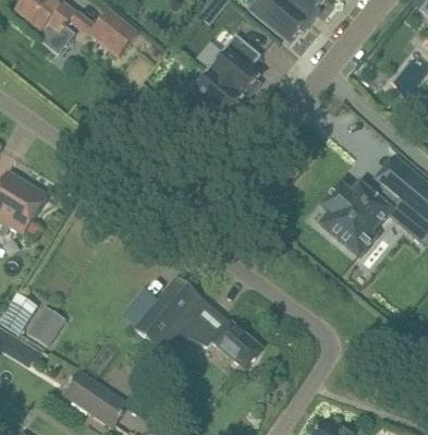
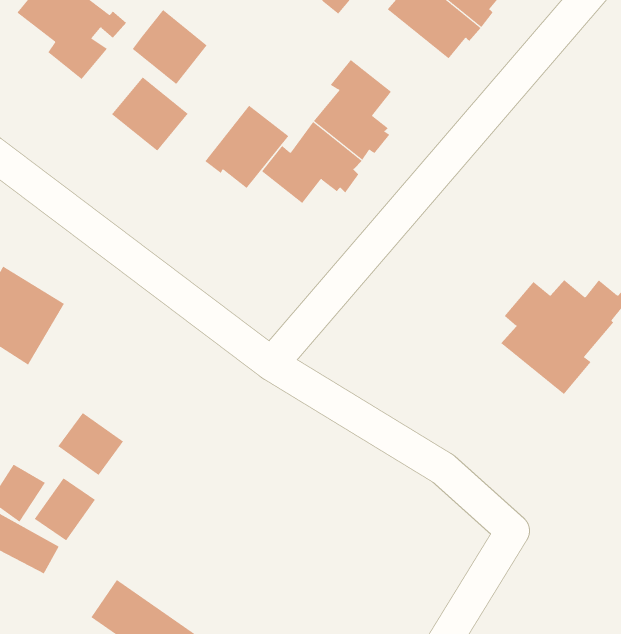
building: none -> [111,77,189,152]
building: none -> [204,105,289,189]
building: none -> [58,412,124,476]
building: [132,275,261,367] -> none

